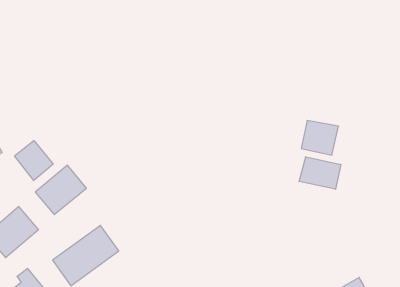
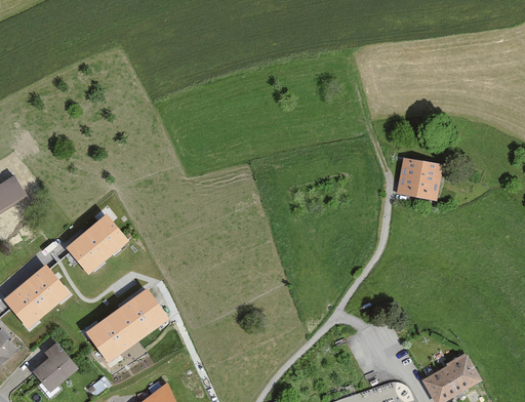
building: [15,141,53,181] -> none
building: [299,157,341,189] -> none

